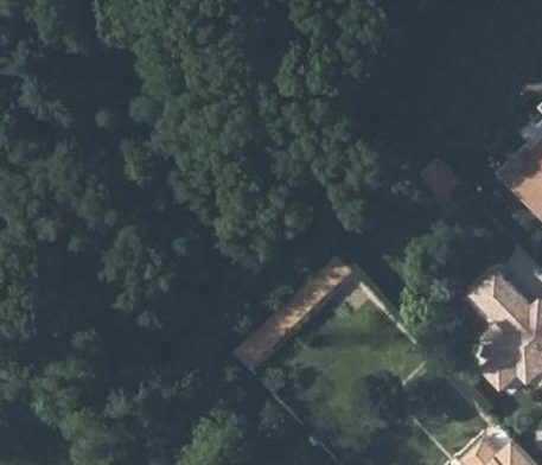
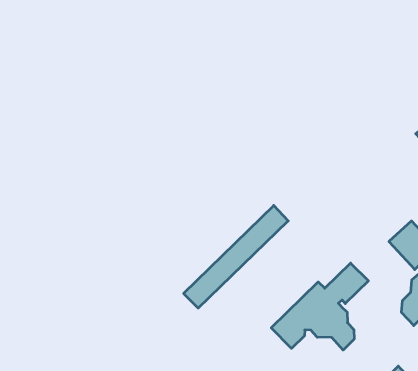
building: none -> [271,263,368,350]

